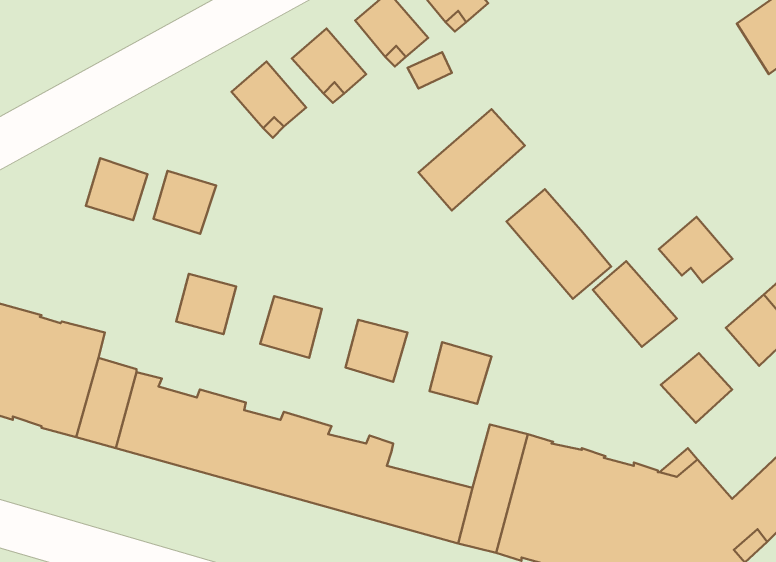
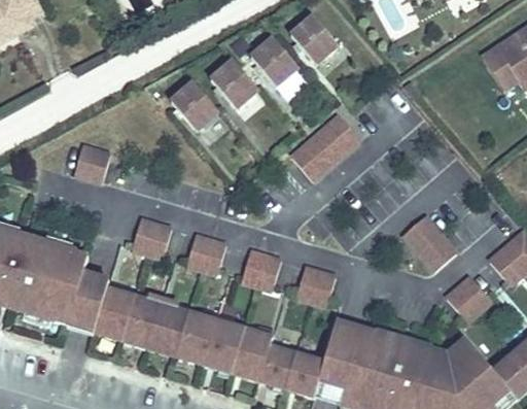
building: [153,171,216,234] -> none
building: [506,189,611,299] -> none
building: [659,217,732,283] -> none

